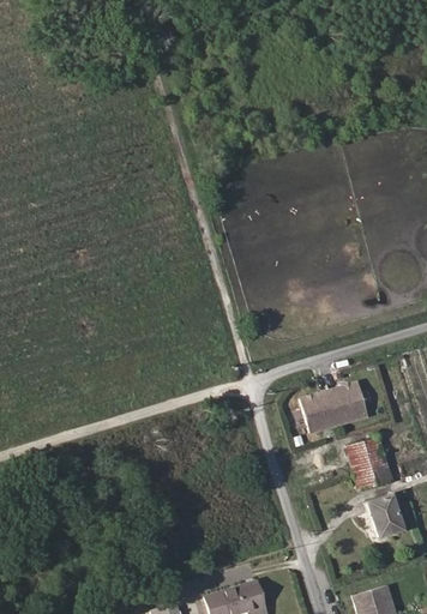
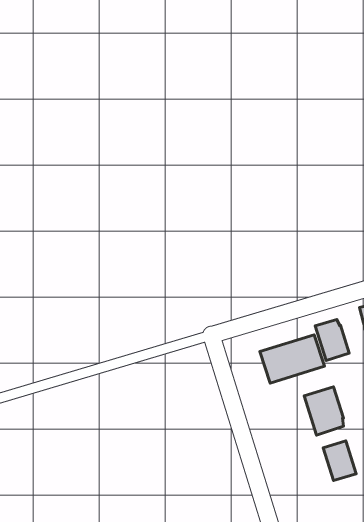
building: none -> [315,320,349,360]

